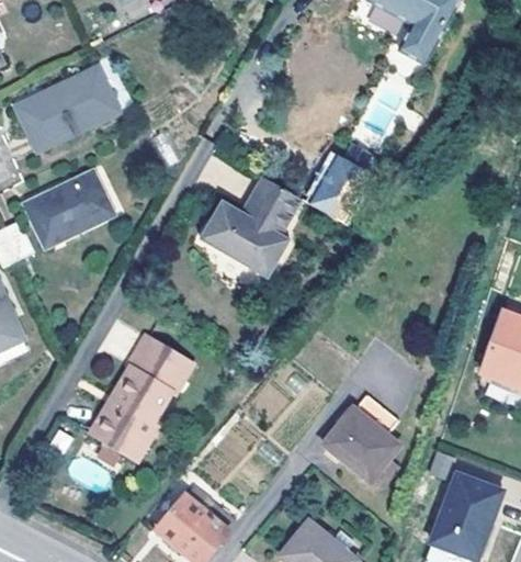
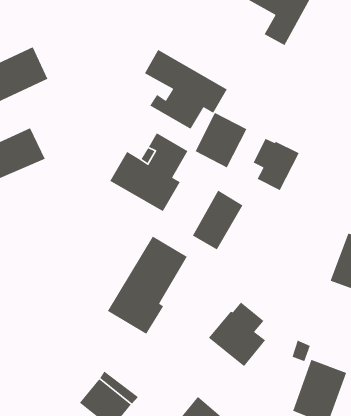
building: none -> [144,49,228,130]
building: none -> [253,138,300,191]
building: none -> [192,189,244,251]
building: [88,337,193,467] -> [107,235,188,335]

